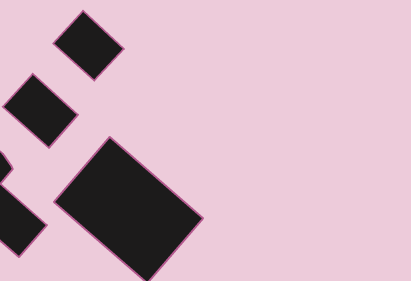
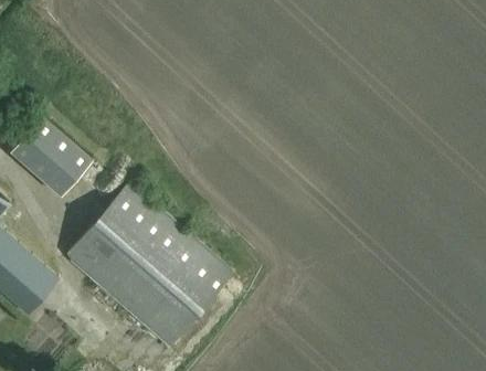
building: [53,11,124,81] -> none

